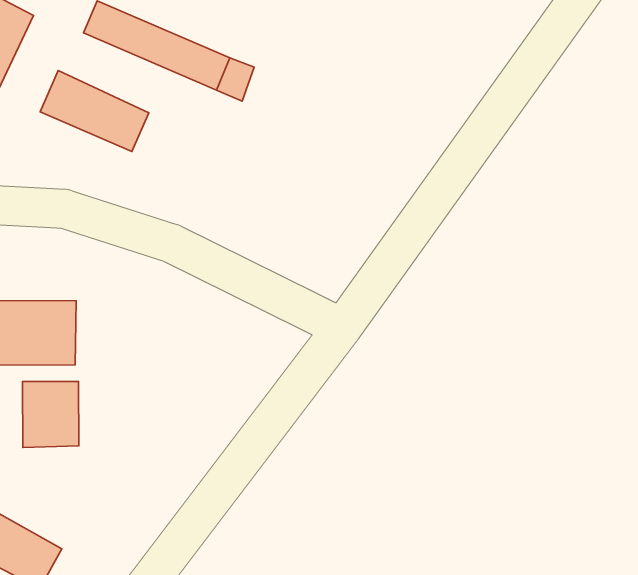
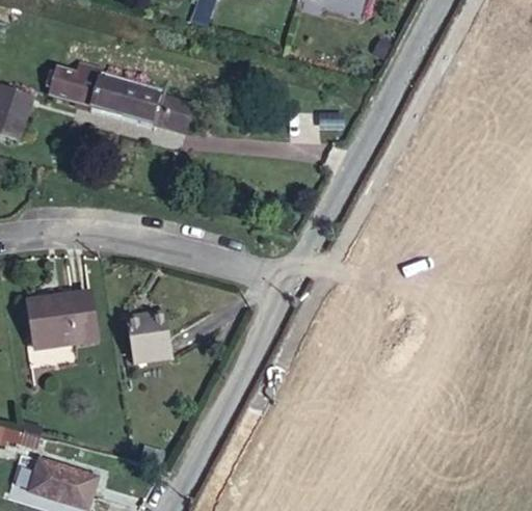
building: [40,71,149,151] -> none
building: [23,381,79,447] -> [125,308,172,362]

